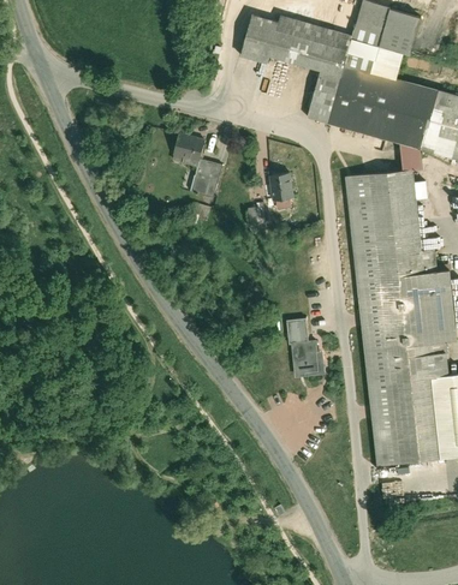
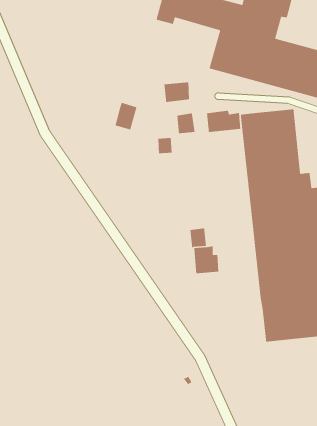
building: [168,133,201,166] -> none
building: none -> [163,82,190,103]
building: none -> [206,110,241,133]

